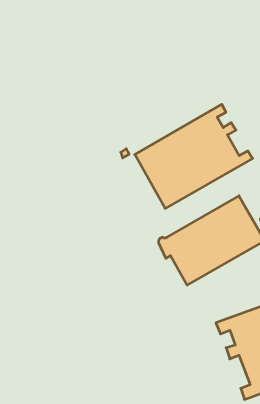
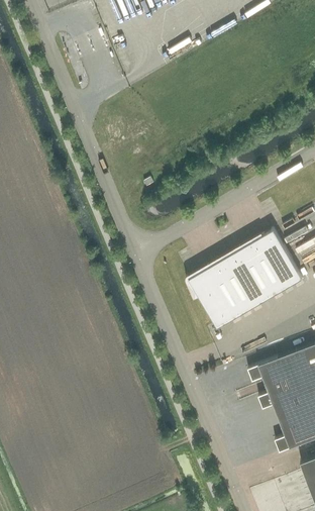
building: [135,104,253,208] -> none

